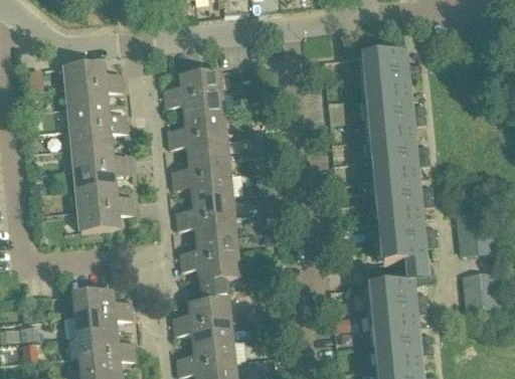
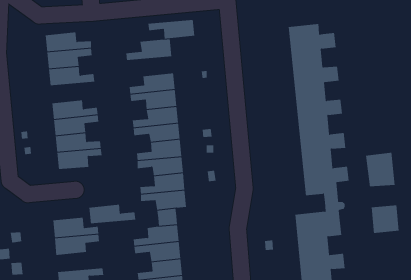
building: [163,92,221,117] -> [148,19,195,39]
building: [69,124,126,150] -> none
building: [76,333,135,357] -> [89,204,136,224]

